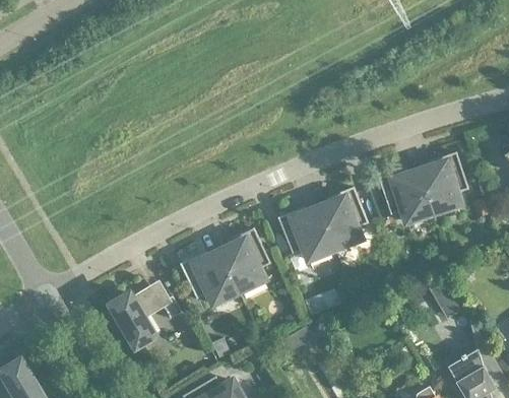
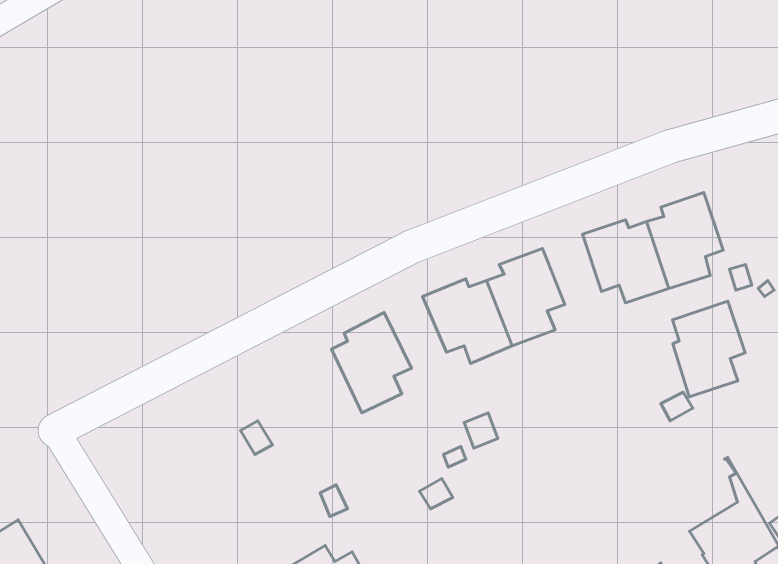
building: none -> [673,301,745,397]
building: [180,251,239,304] -> none
building: [113,287,161,346] -> none

